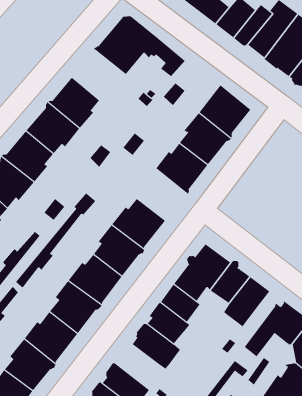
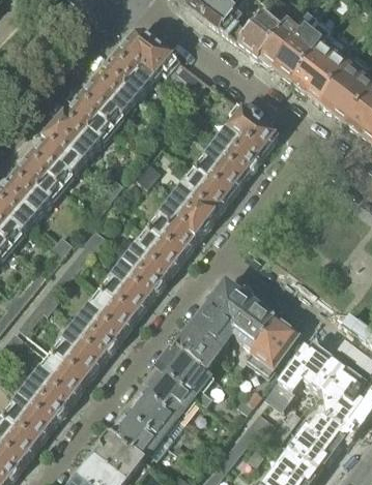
building: none -> [80,67,140,124]
building: none -> [151,199,208,256]
building: none -> [127,391,183,443]

